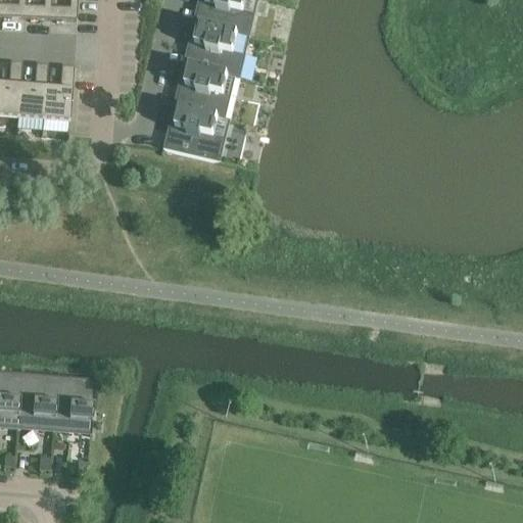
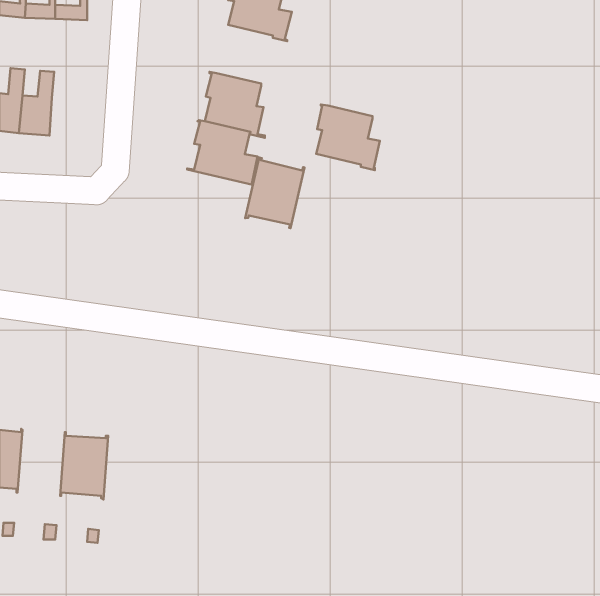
building: [188,20,243,78] -> [316,104,380,170]
building: [43,63,73,120] -> none
building: none -> [245,157,304,228]
building: [15,373,56,430] -> none

